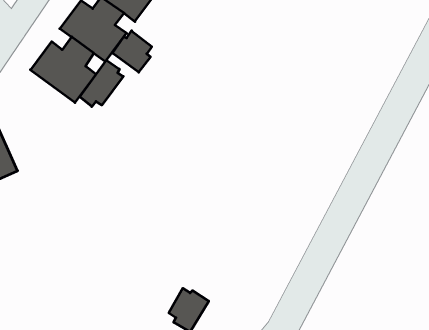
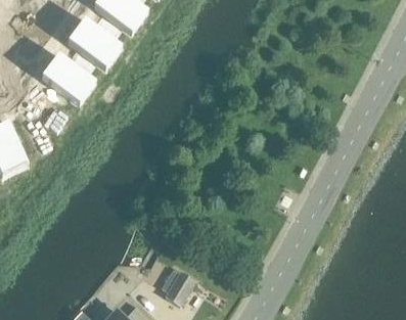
building: [112,31,152,72] -> none
building: [80,60,123,107] -> none

